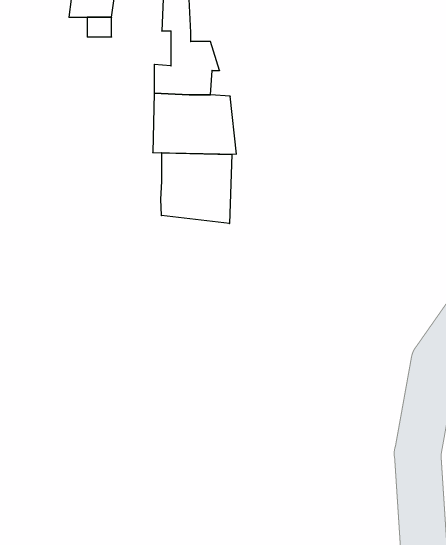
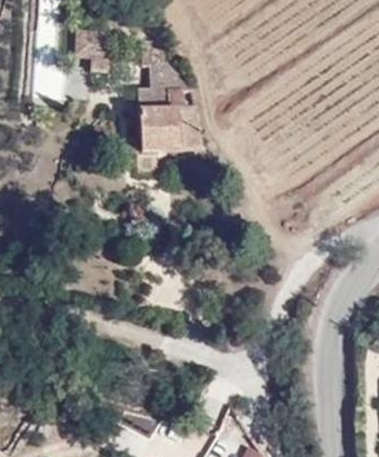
building: [161,153,232,224] -> none

